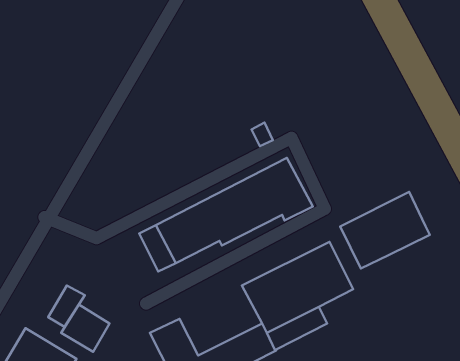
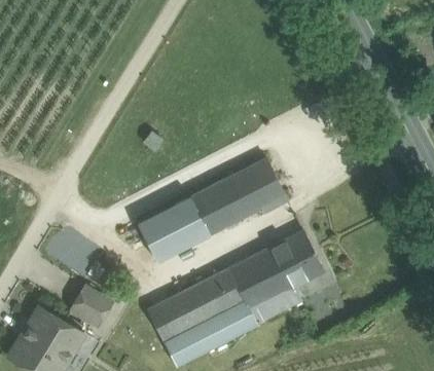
building: [340,192,430,269] -> none
building: [48,285,85,327] -> none
building: none -> [173,269,245,330]

